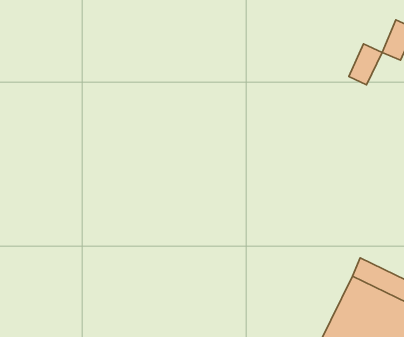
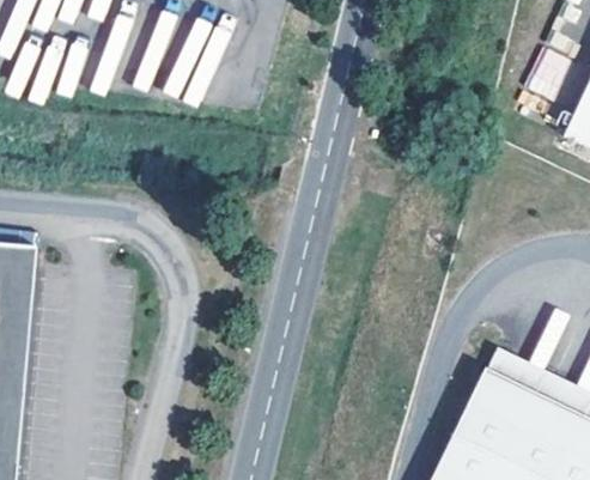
building: [349,44,382,85] -> none

